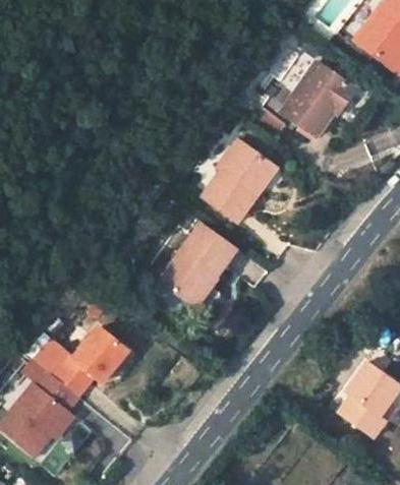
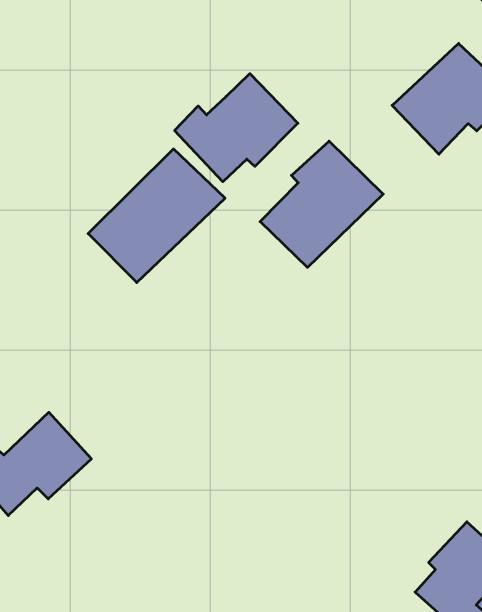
building: none -> [175,74,298,182]
building: [157,218,242,307] -> [88,149,225,283]

